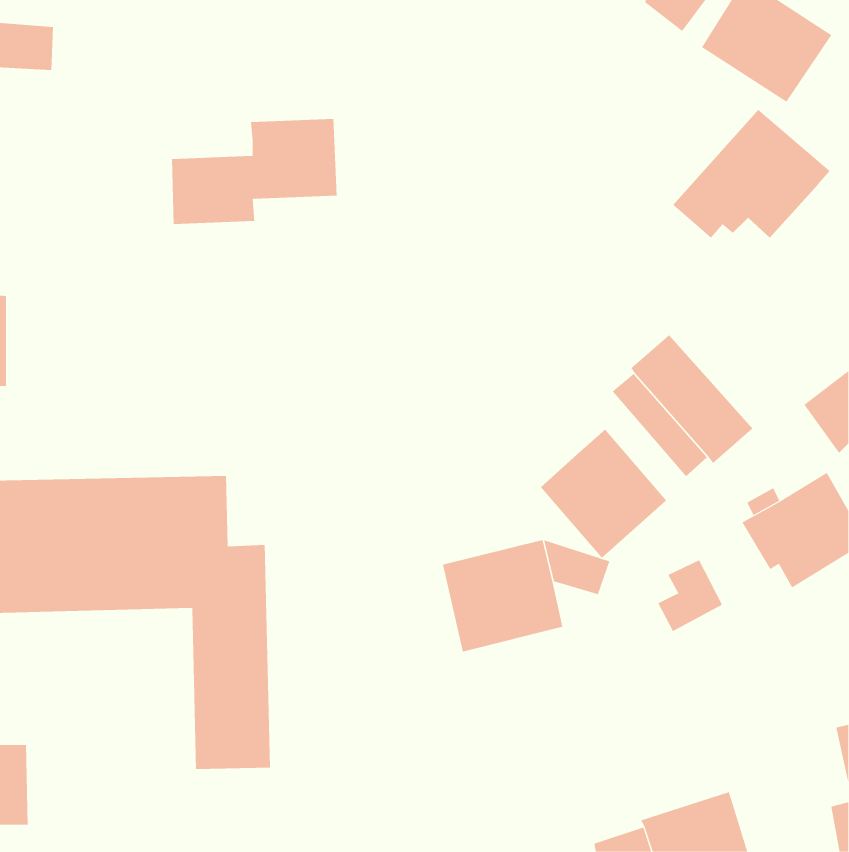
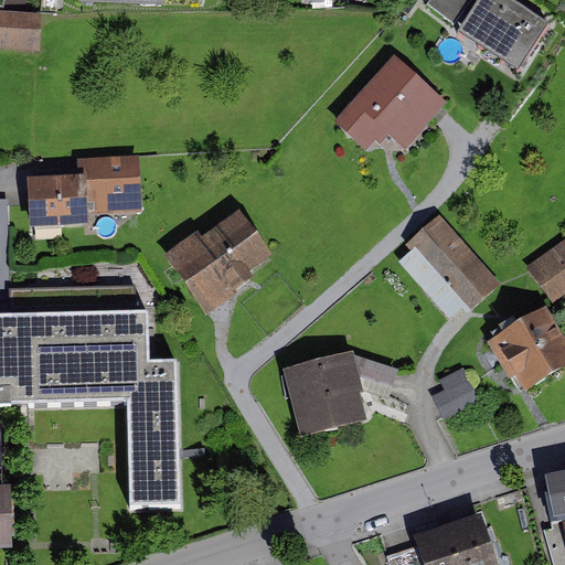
building: [672,109,830,239] -> [337,57,440,142]
building: [171,119,338,224] -> [32,154,141,224]
building: none -> [171,213,270,306]
building: [540,429,667,559] -> none

